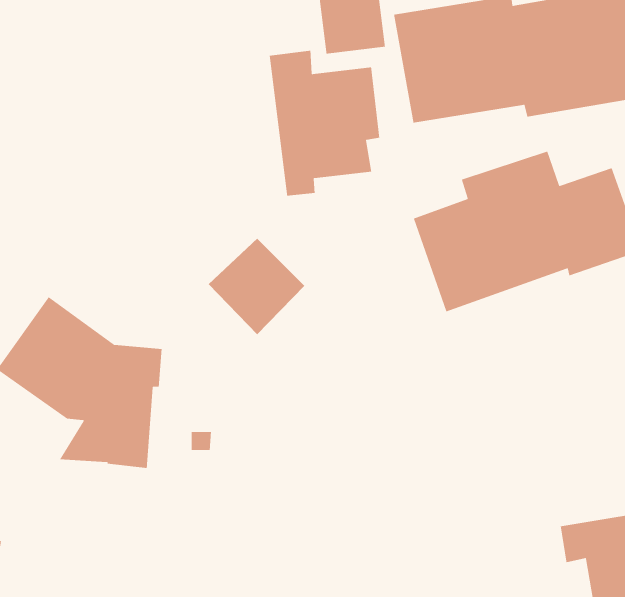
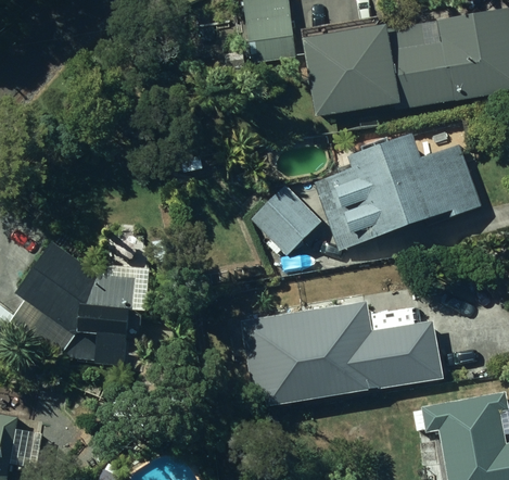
building: [269,50,380,197] -> none
building: [208,238,305,335] -> [251,186,321,256]
building: none -> [241,300,443,405]

